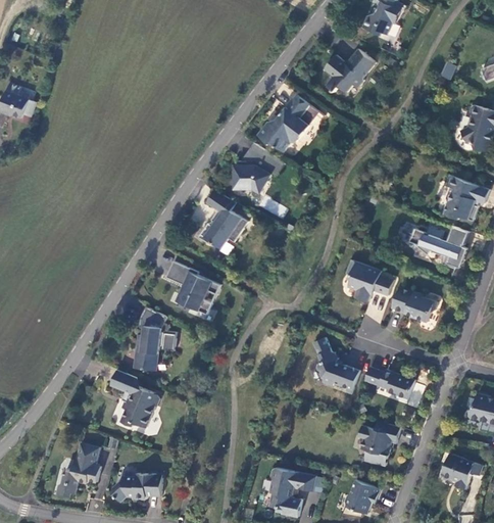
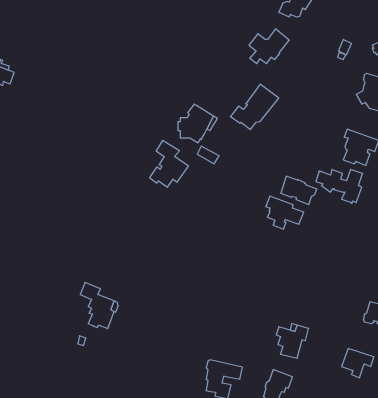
building: [257,95,318,152] -> [230,84,279,130]
building: [165,262,219,315] -> none
building: [391,287,437,323] -> [281,176,317,204]
building: [133,307,176,371] -> none
building: [312,338,358,390] -> none
building: [364,368,413,401] -> none
building: [56,443,99,496] -> none
building: [112,474,161,503] -> none

